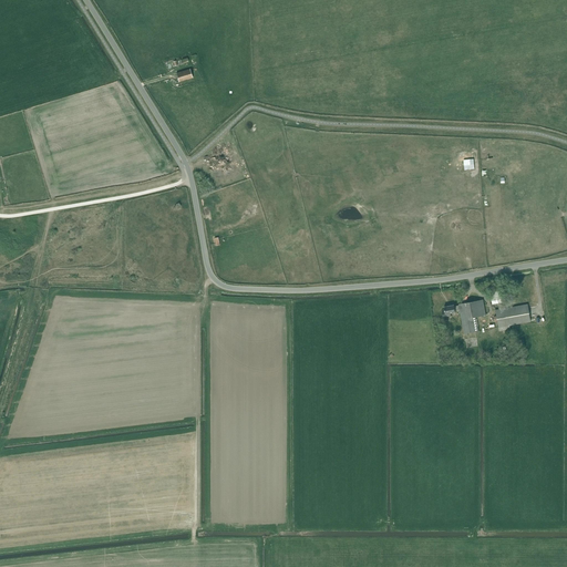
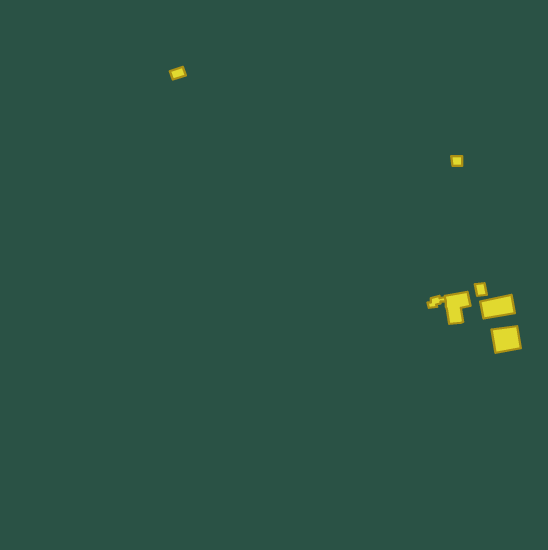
building: none -> [491,326,521,353]

